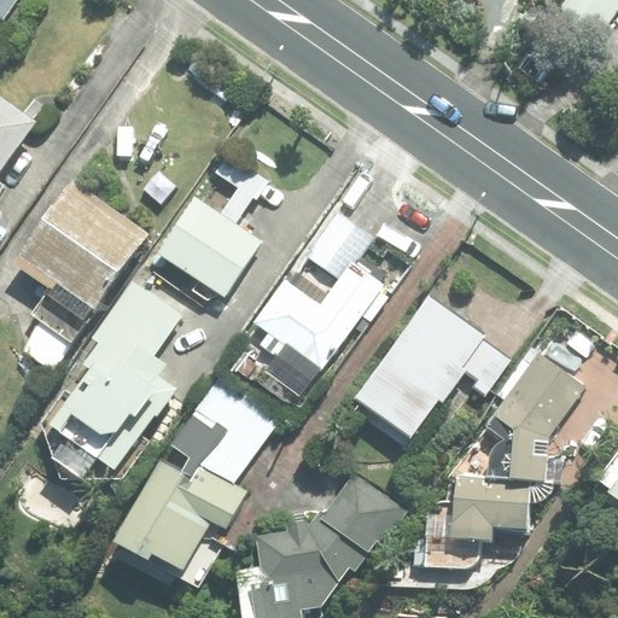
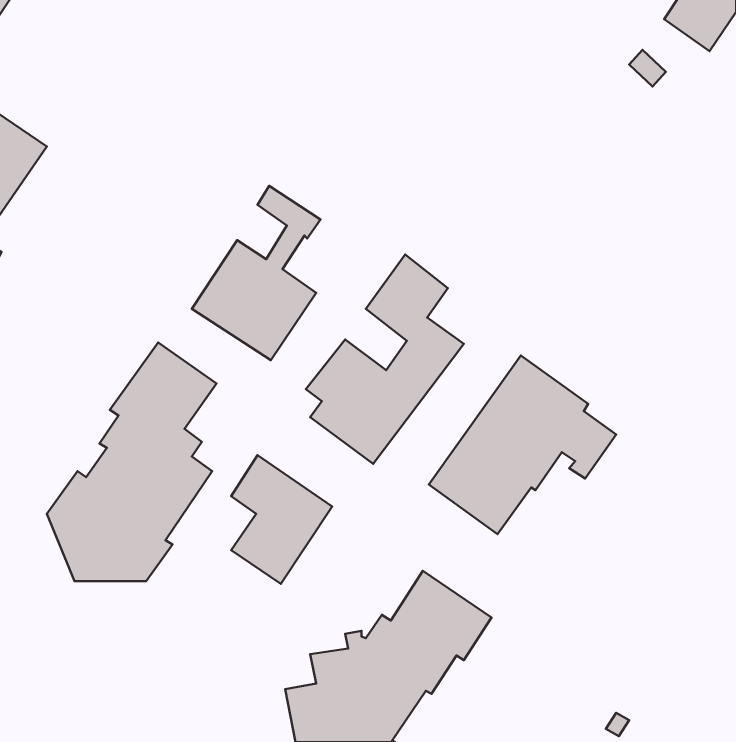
building: [16,180,147,372] -> none
building: [425,352,582,569] -> none
building: [117,457,246,570] -> none

